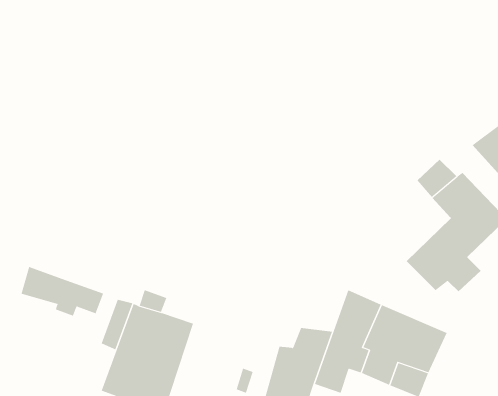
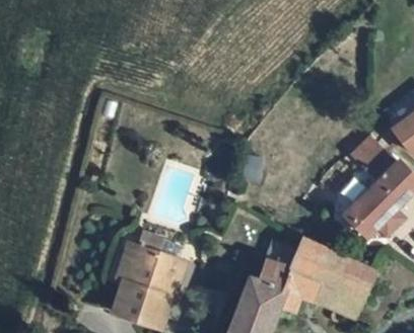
building: [21,266,104,316] -> none

